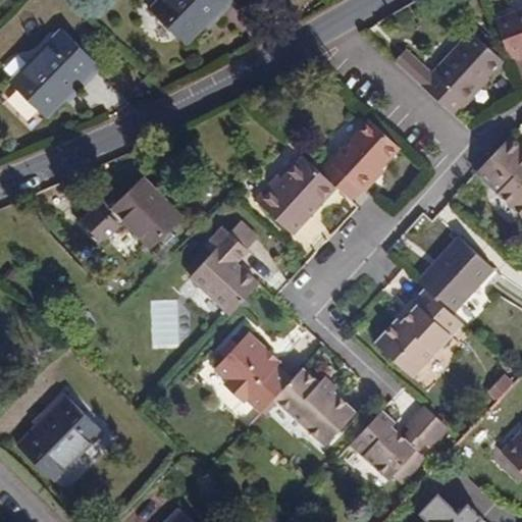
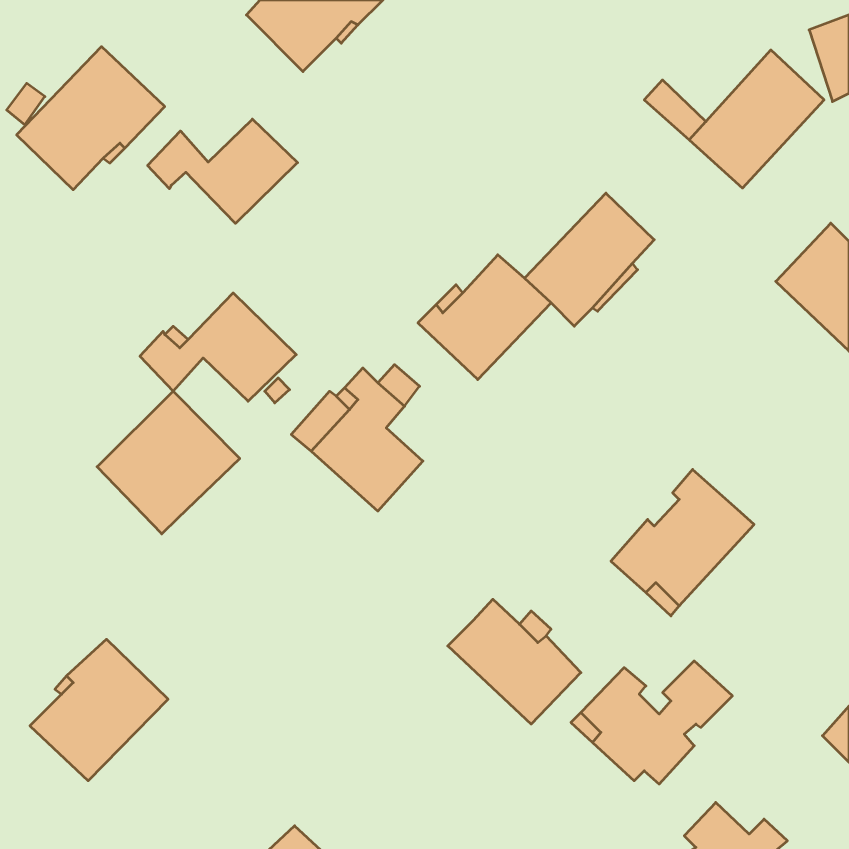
building: none -> [148,119,298,223]
building: [417,238,492,313] -> none
building: none -> [97,391,240,534]
building: [214,332,290,413] -> none

